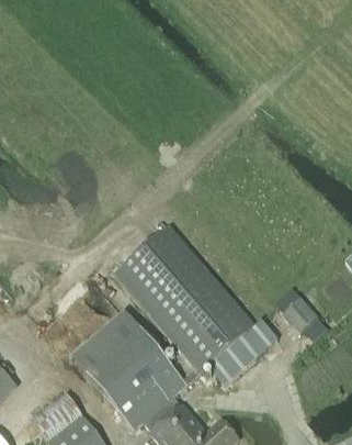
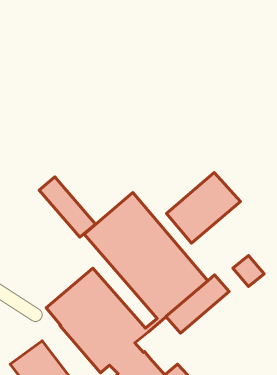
building: none -> [166,172,240,243]
building: none -> [39,177,96,237]

